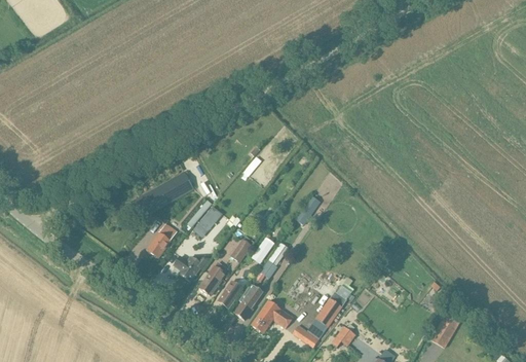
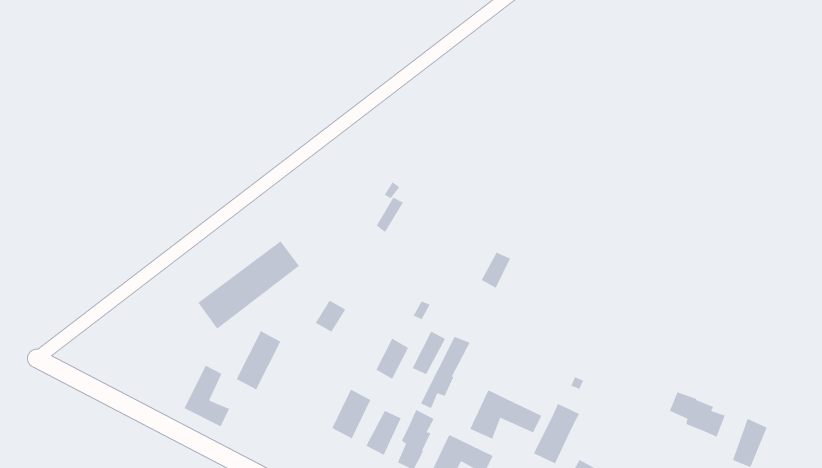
building: none -> [184,365,230,427]
building: [173,255,212,281] -> none
building: none -> [469,390,542,440]
building: none -> [669,391,725,438]

